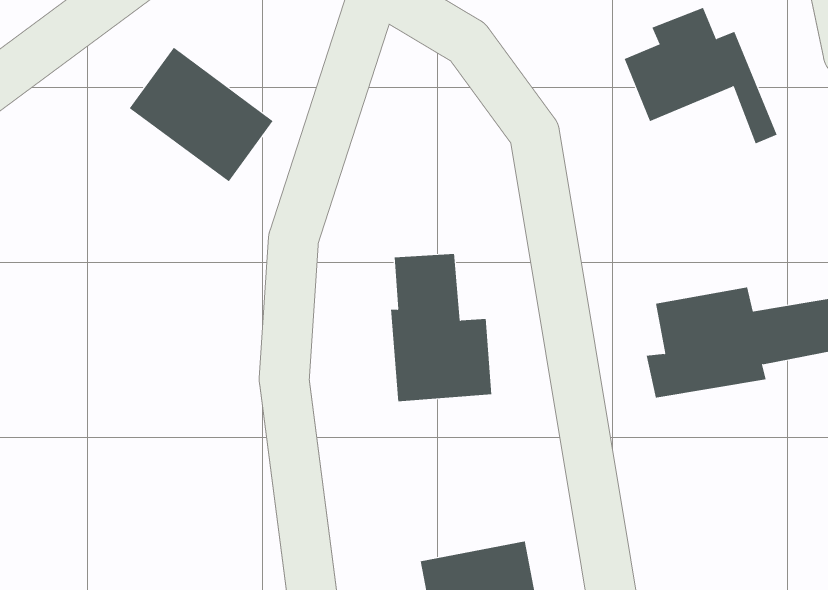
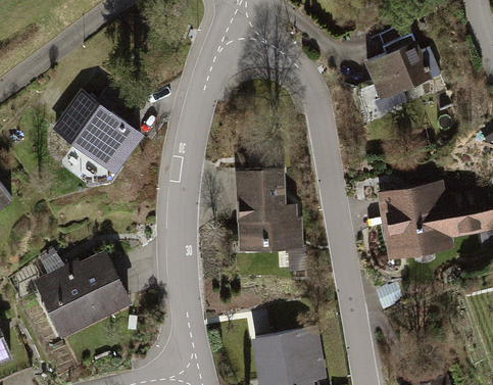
building: [129,47,274,182] -> [58,94,138,169]
building: none -> [41,252,128,329]

